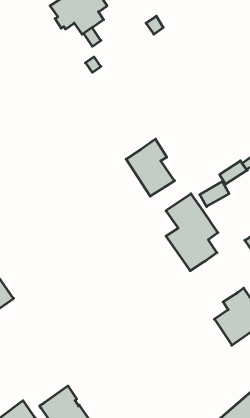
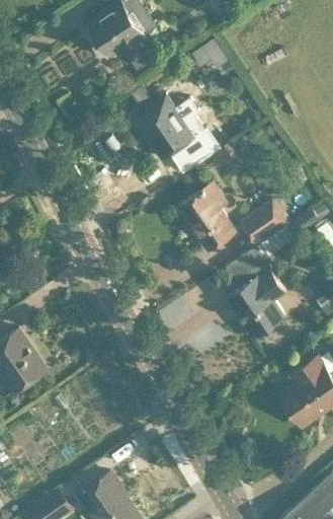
building: none -> [138,93,222,167]
building: none -> [240,199,288,243]

